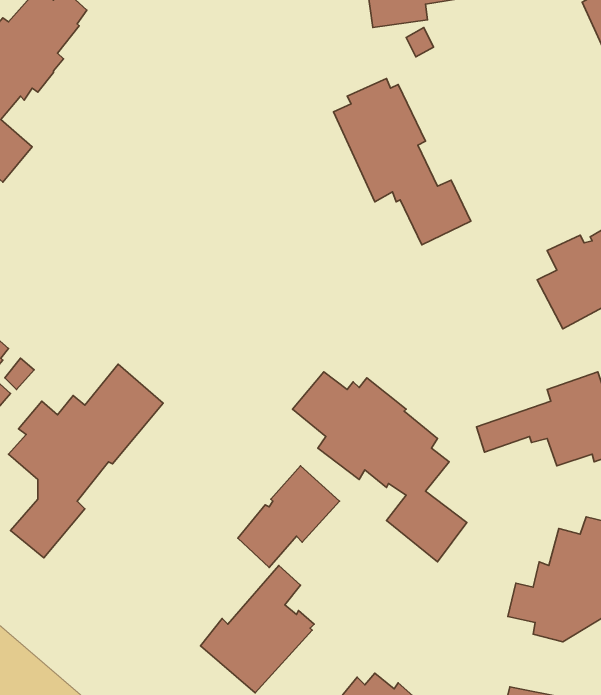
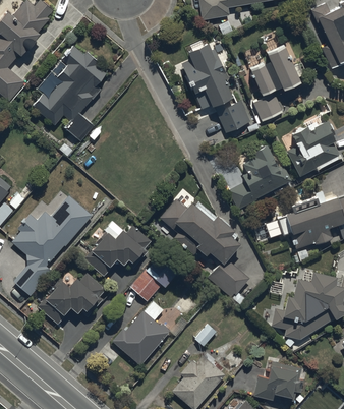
building: none -> [249,43,300,116]
building: none -> [33,47,107,142]
building: none -> [227,148,292,210]
building: none -> [83,221,151,276]
building: none -> [38,273,105,325]

